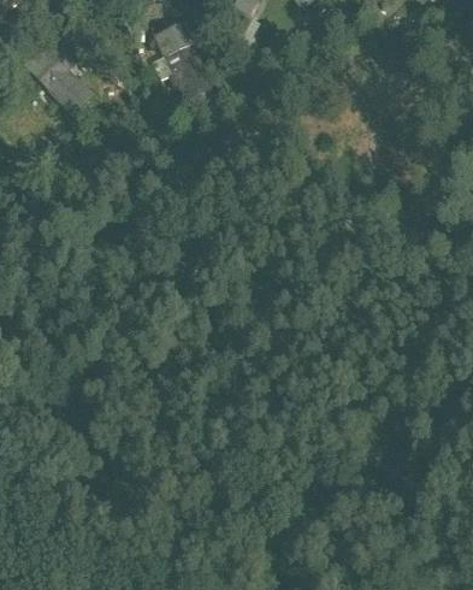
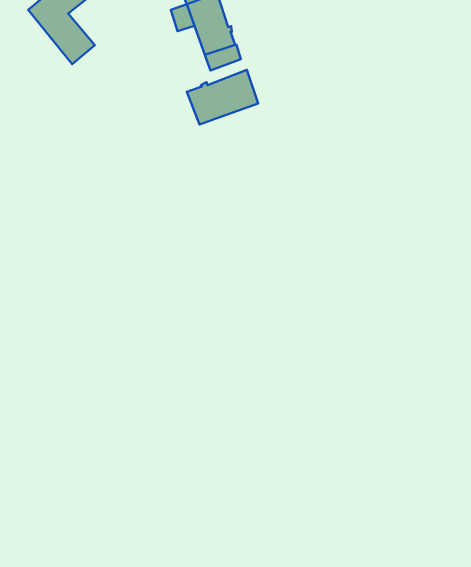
building: none -> [187,70,258,125]

